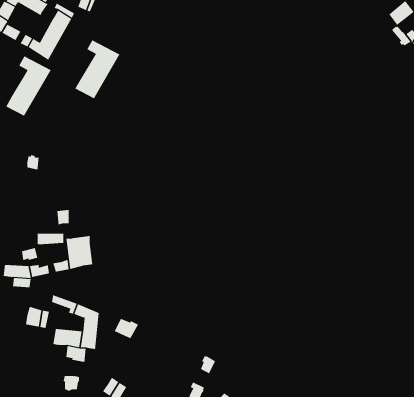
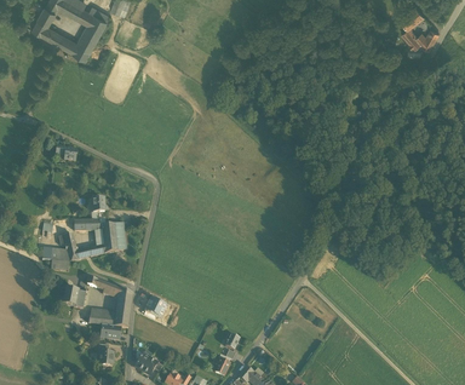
building: [75,39,120,99] -> none
building: [5,55,51,116] -> none

